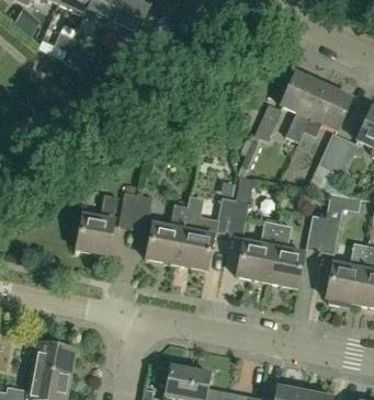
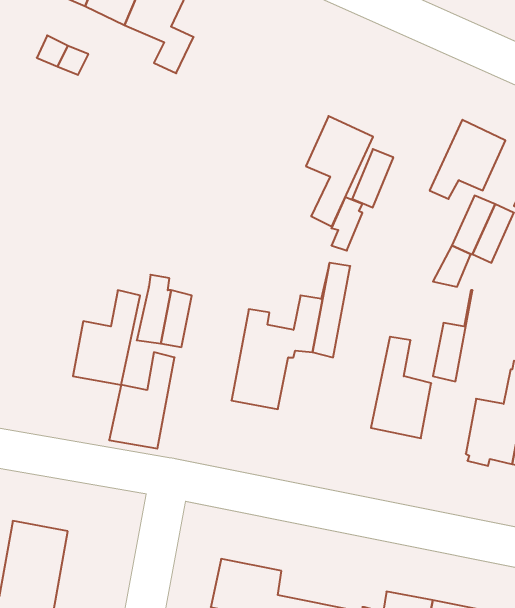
building: [282,71,325,141] -> [306,116,373,226]
building: [320,192,353,253] -> none
building: [147,202,189,263] -> [109,352,175,449]
building: [237,220,279,281] -> none

